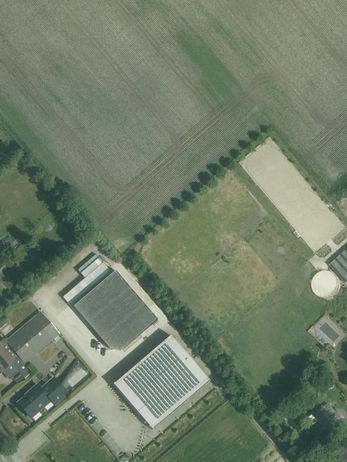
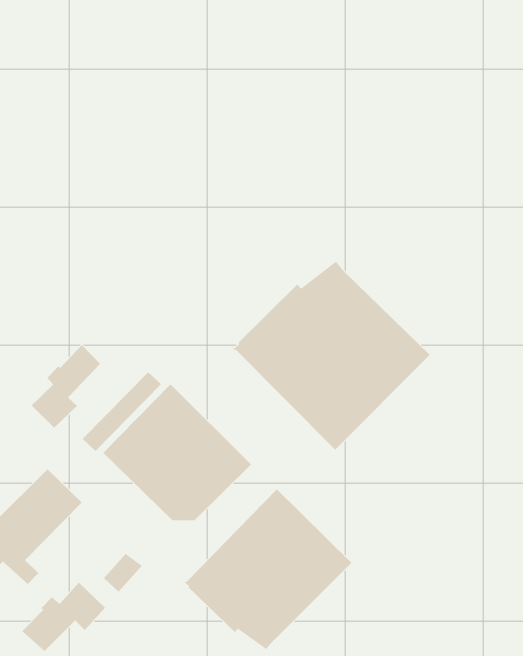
building: none -> [232,261,430,450]
building: none -> [31,344,101,429]

